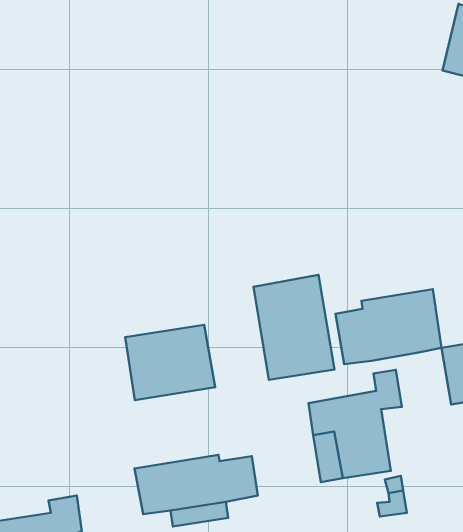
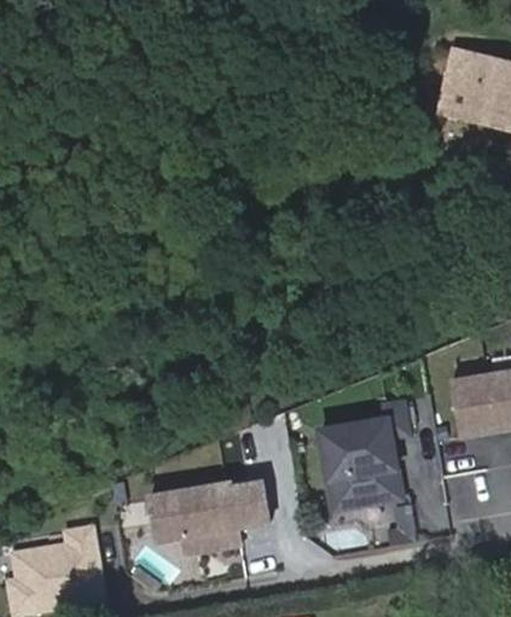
building: [254,275,334,380] -> none
building: [336,289,441,364] -> none
building: [125,325,215,400] -> none

